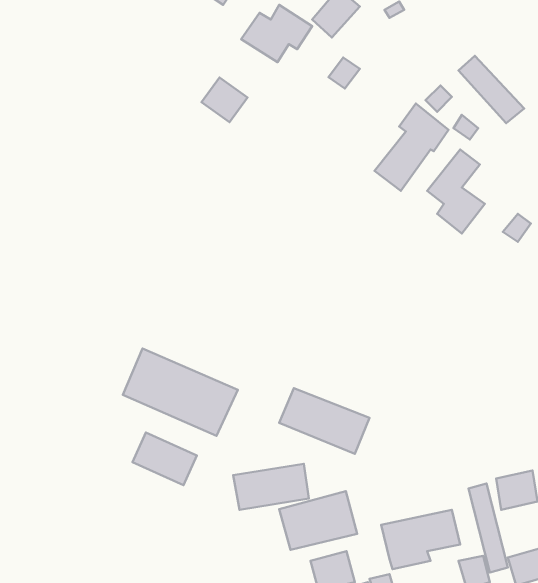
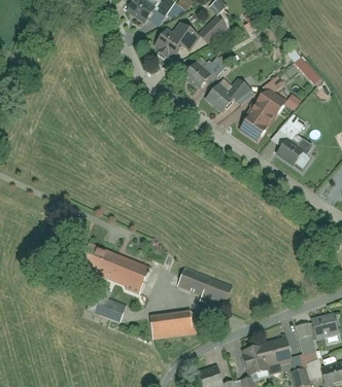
building: [202,78,248,122] -> [181,62,210,90]
building: none -> [205,79,248,112]
building: [279,491,357,550] -> none

